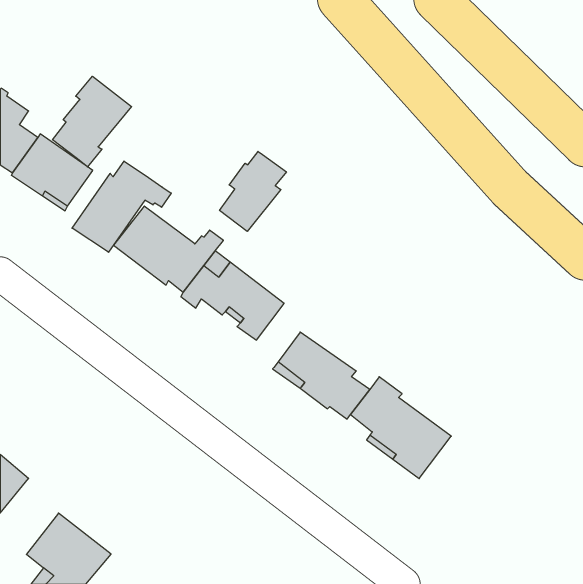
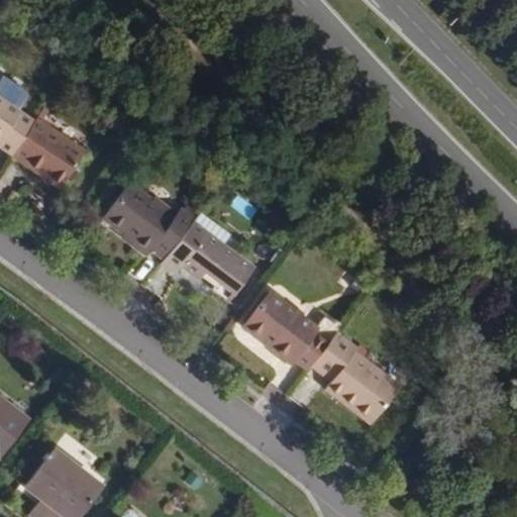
building: [53,76,132,167] -> none
building: [220,151,286,231] -> none
building: [72,161,171,252] -> none

